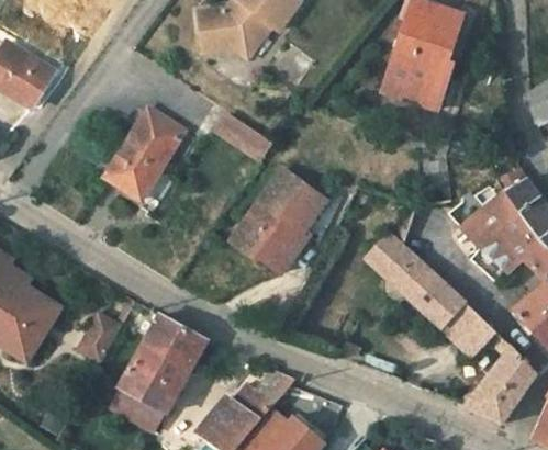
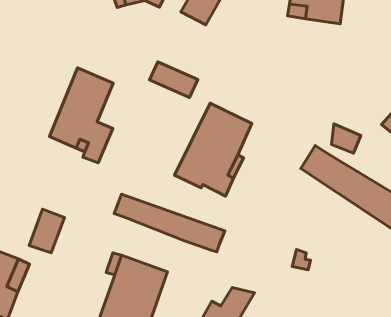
building: none -> [114,194,225,252]
building: [77,313,120,361] -> [29,209,65,253]

